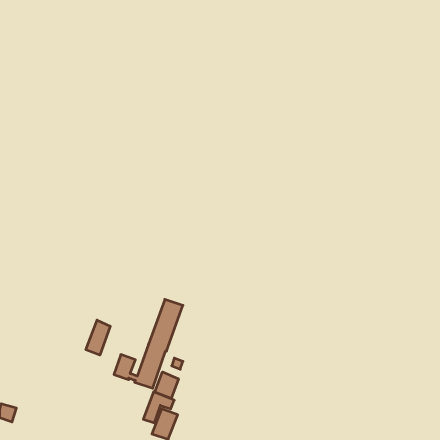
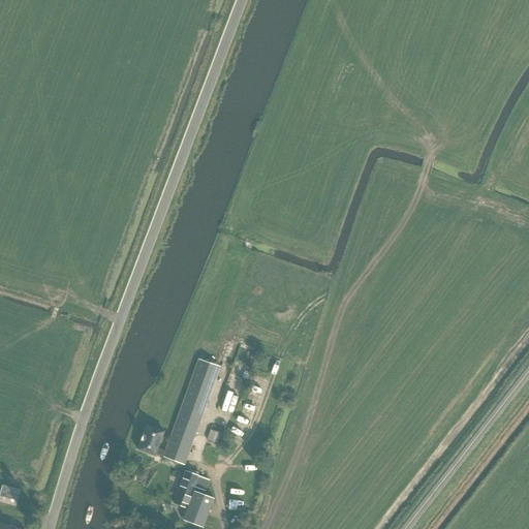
building: [86,320,110,355] -> none
building: [155,372,178,399] -> none

